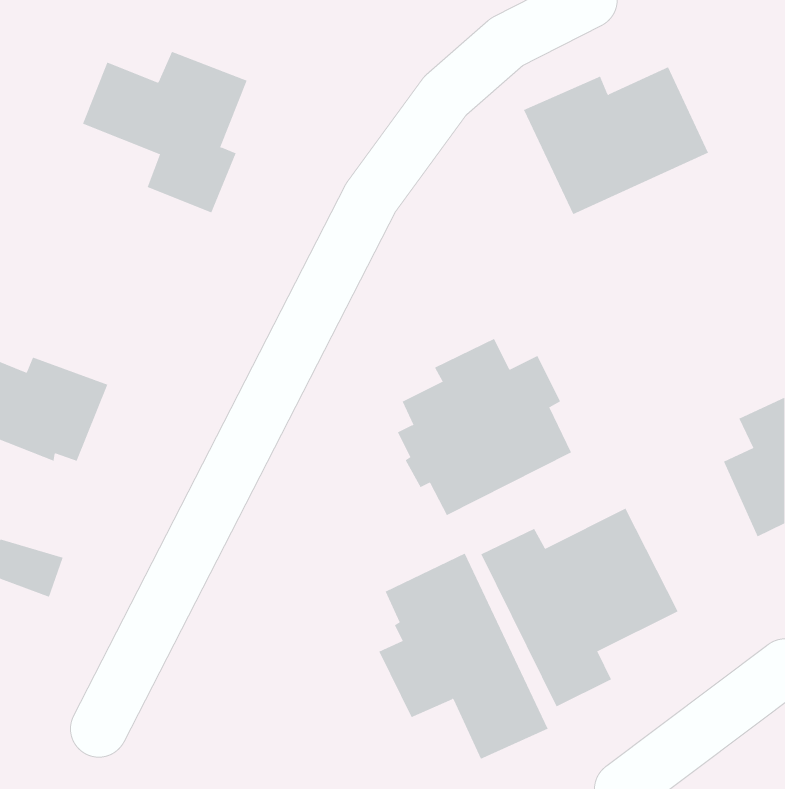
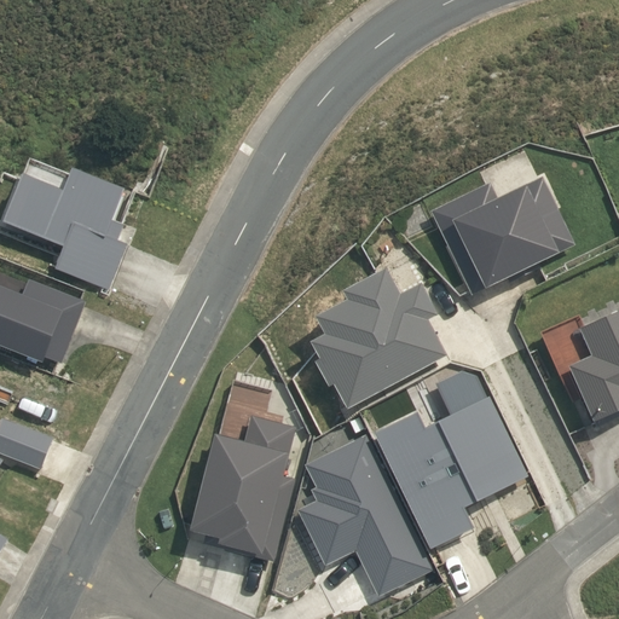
building: [82,51,247,213] -> [5,163,134,290]
building: [523,66,709,215] -> [427,175,572,291]
building: none -> [190,417,293,559]

